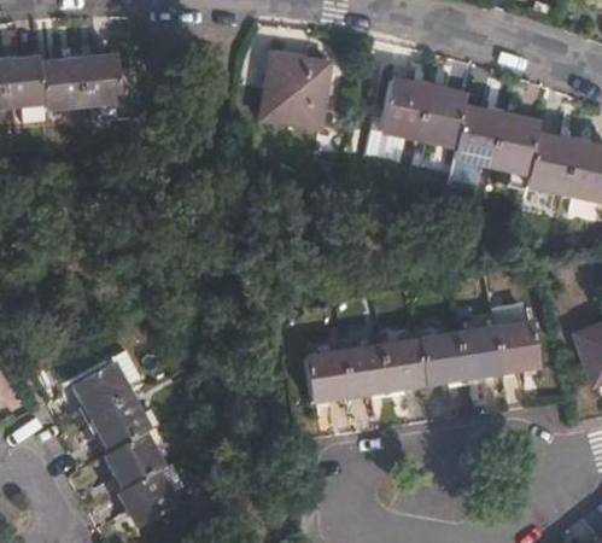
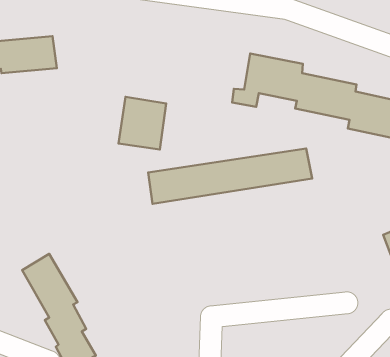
building: [261,53,327,127] -> [119,97,166,149]
building: [306,323,536,401] -> [148,148,312,204]

